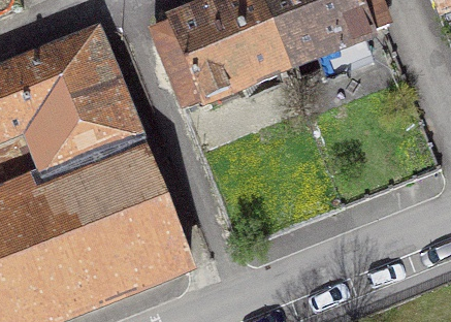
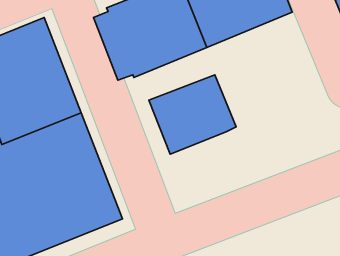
building: none -> [149,75,236,154]

